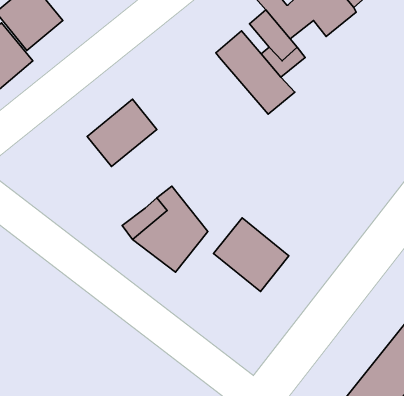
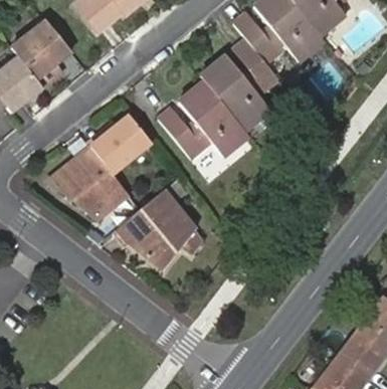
building: none -> [161,81,254,161]
building: none -> [45,150,132,226]
building: [214,218,289,292] -> none

